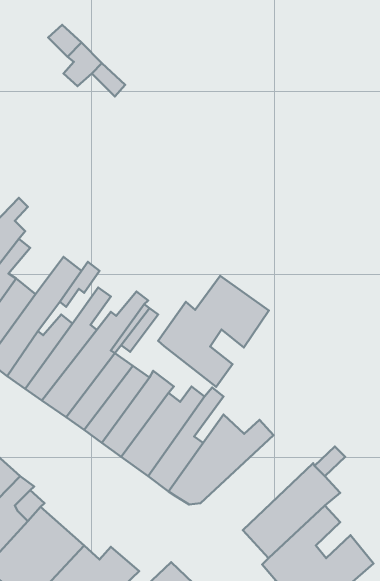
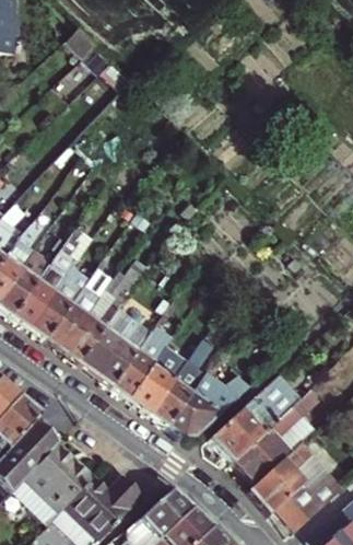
building: [158,276,269,387] -> none
building: none -> [209,373,298,461]

